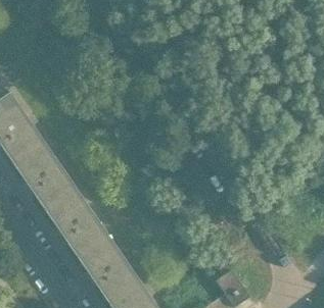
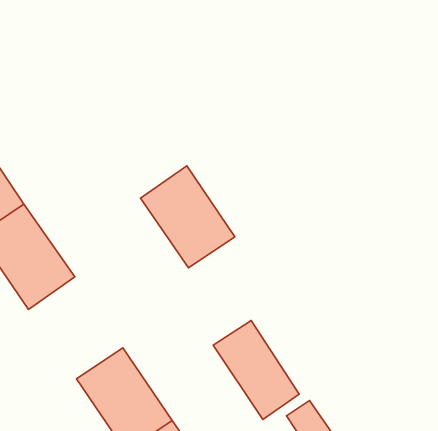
building: [43,184,105,251] -> [140,166,235,268]
building: none -> [213,321,299,420]

